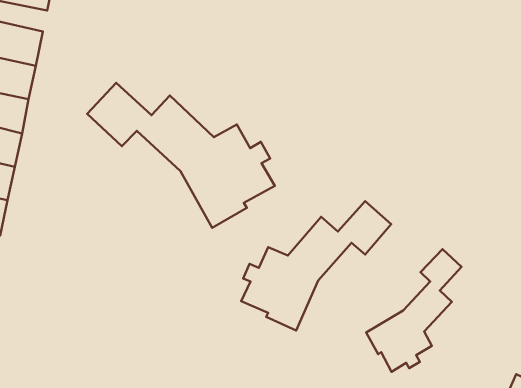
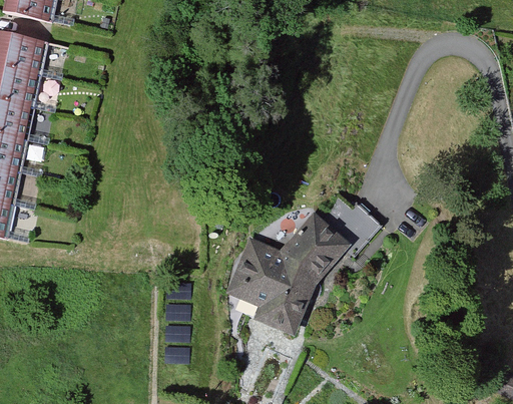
building: [87,83,275,228] -> none
building: [366,249,461,372] -> none

